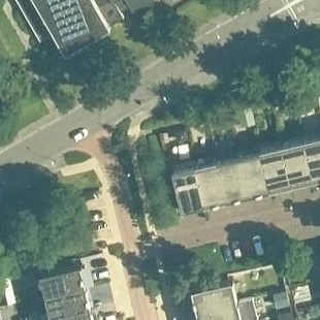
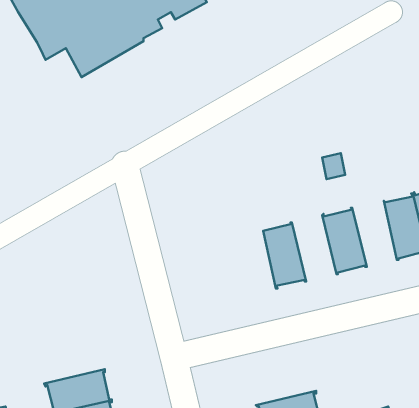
building: [258,147,290,194] -> none
building: [215,157,247,204] -> none
building: [170,166,203,215] -> none

